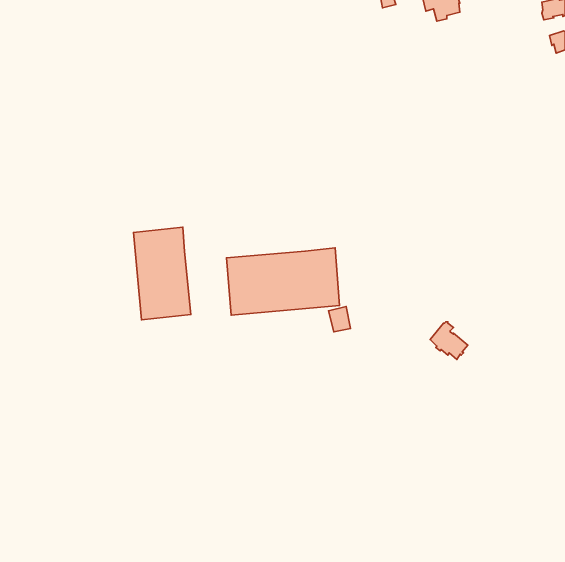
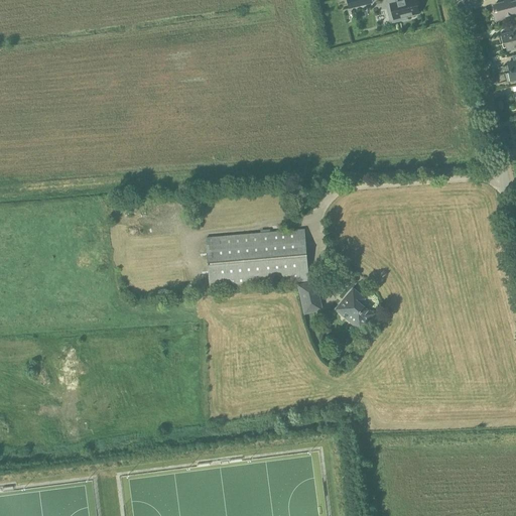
building: [134,227,191,320] -> none
building: [430,322,468,360] -> [338,290,372,325]

